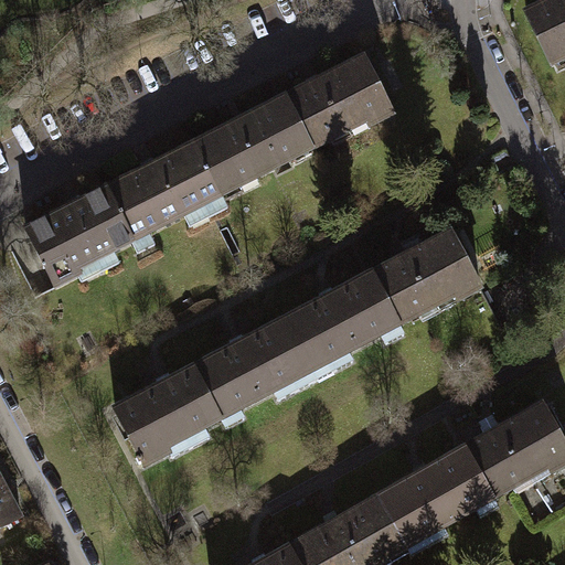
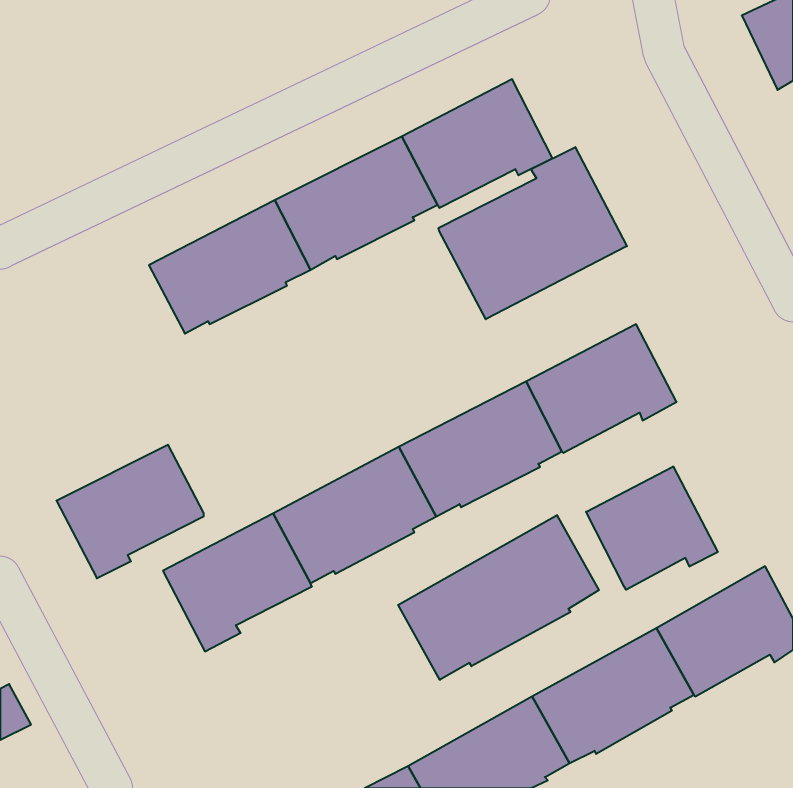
building: none -> [439,147,627,319]
building: [26,189,131,284] -> [56,445,204,578]
building: none -> [586,466,718,590]
building: none -> [398,515,599,680]

